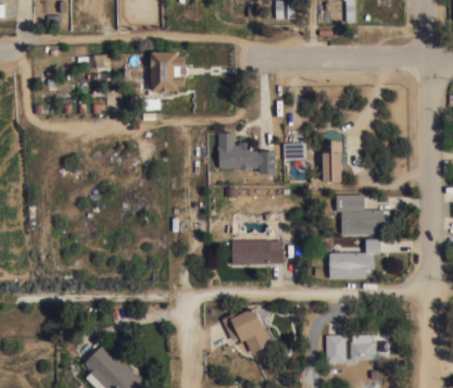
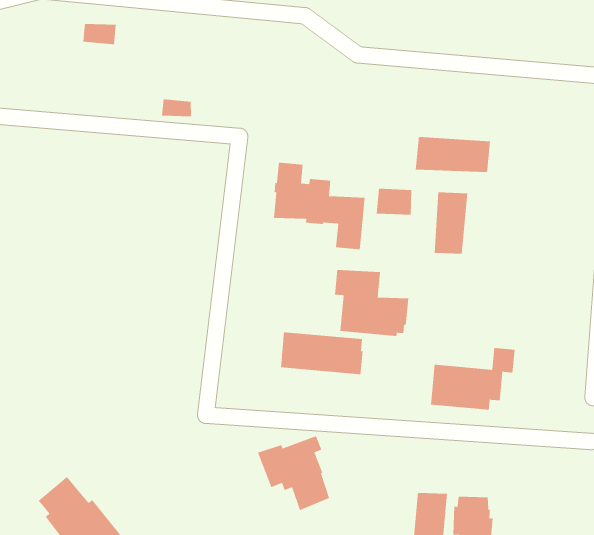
building: [151,51,187,90] -> none
building: none -> [415,136,491,173]
building: [336,193,383,234] -> [334,269,409,336]

